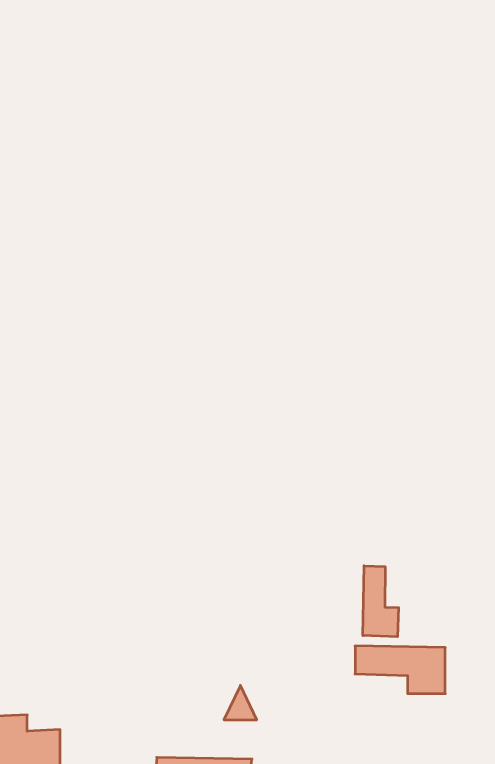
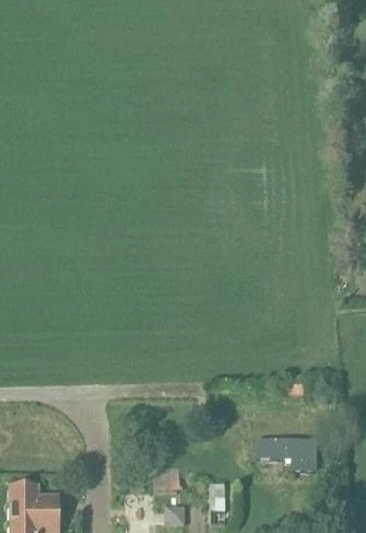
building: [363,566,399,637] -> none

